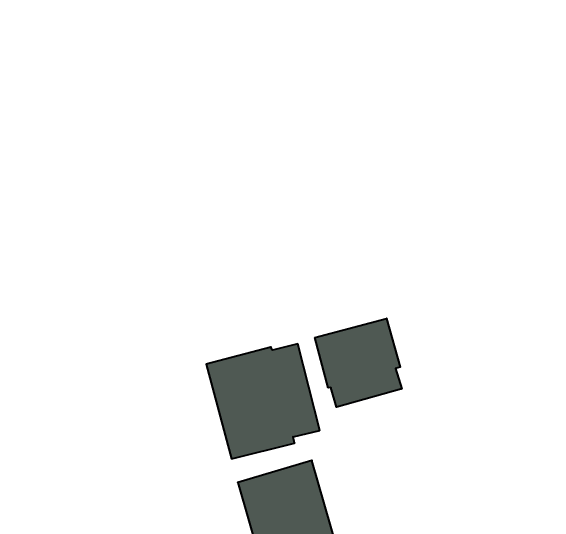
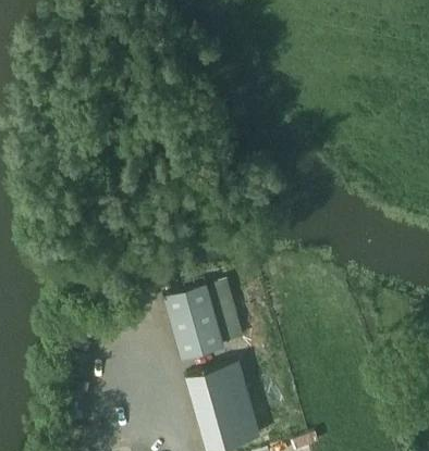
building: [315,318,402,407] -> none

